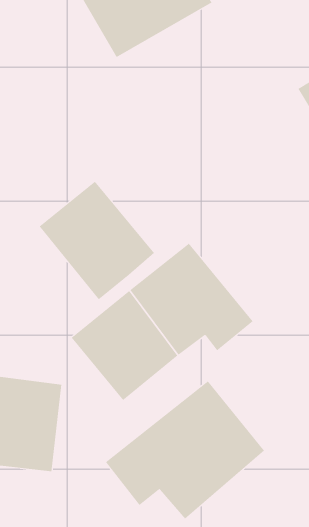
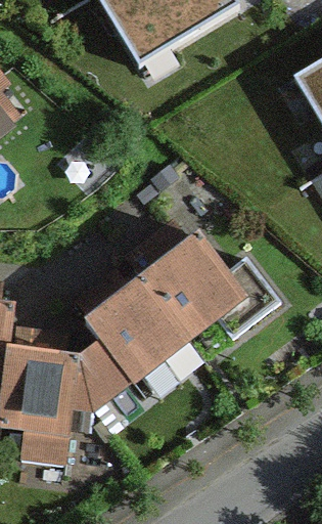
building: [39,181,155,300] -> none
building: [105,380,265,520] -> none

